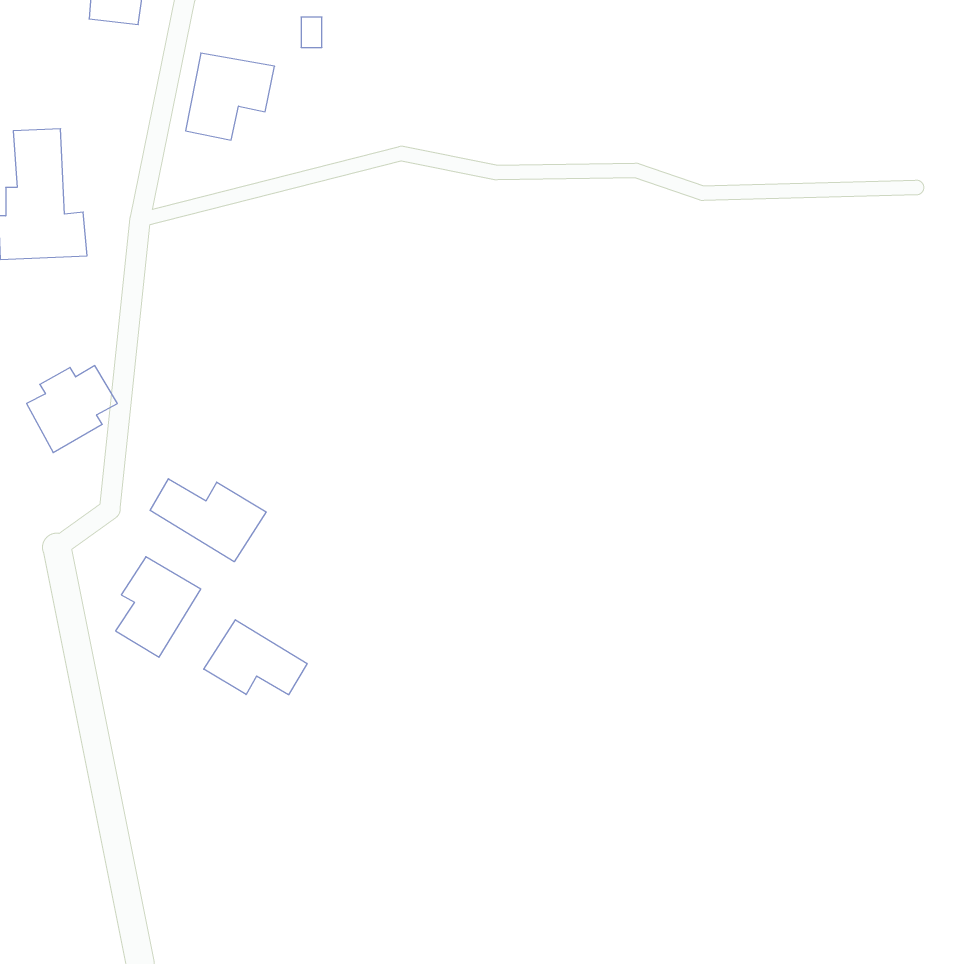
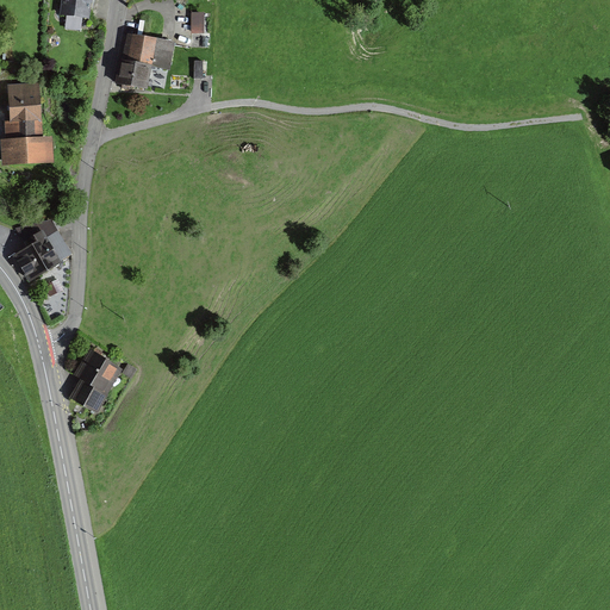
building: [150,479,266,562] -> none
building: [204,620,307,695] -> none

